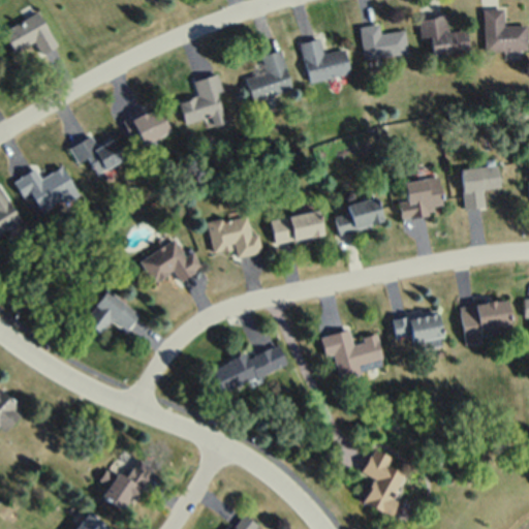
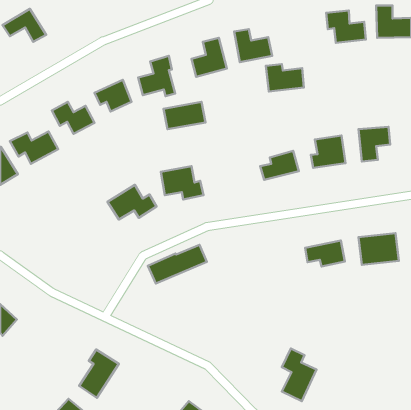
building: [360,26,408,61] -> [266,64,304,92]
building: [271,211,324,246] -> [164,102,206,129]
building: [85,291,139,334] -> none
building: [320,330,384,377] -> none
building: [212,343,287,393] -> [148,245,207,284]

